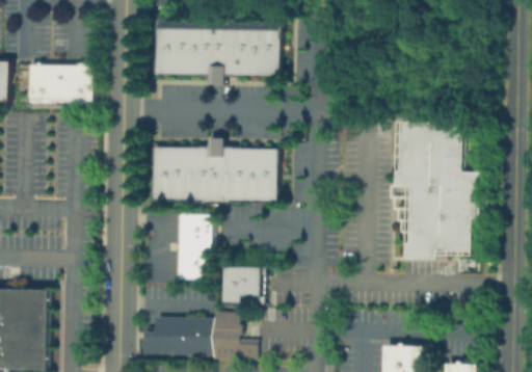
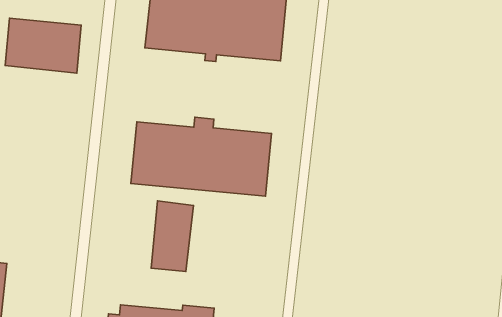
building: [395,121,480,260] -> none
building: [220,267,263,305] -> none

